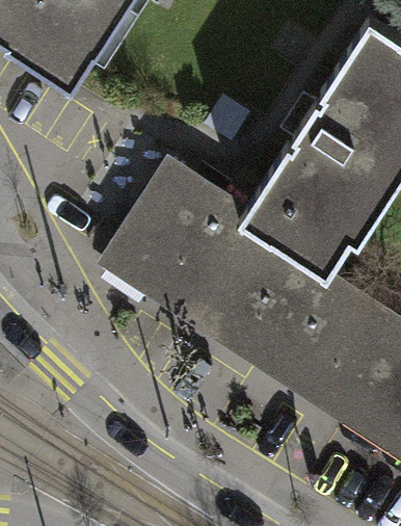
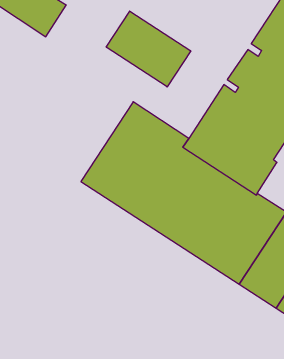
building: none -> [106,11,191,87]

